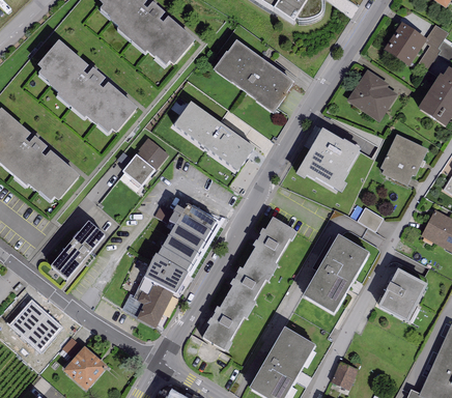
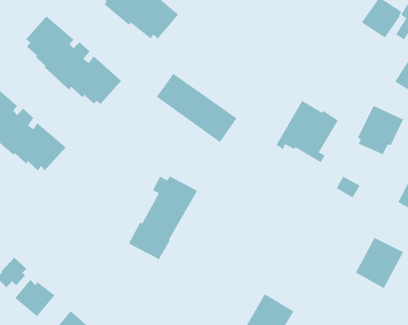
building: [213,39,295,112] -> none
building: [347,67,398,120] -> none
building: [122,136,169,184] -> none
building: [202,217,296,350] -> none
building: [50,220,105,279] -> none
building: [303,234,369,313] -> none
building: [122,276,173,326] -> none

